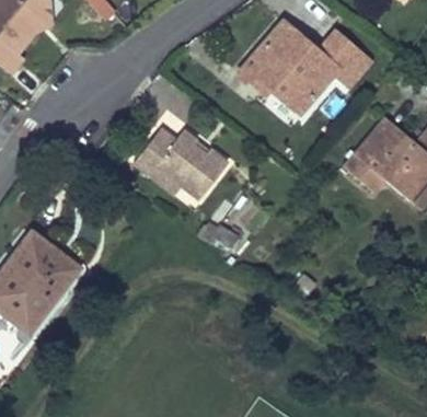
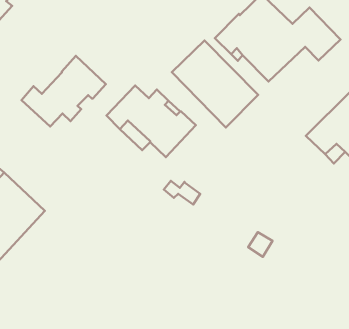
building: none -> [172,40,258,127]
building: none -> [21,56,106,126]

